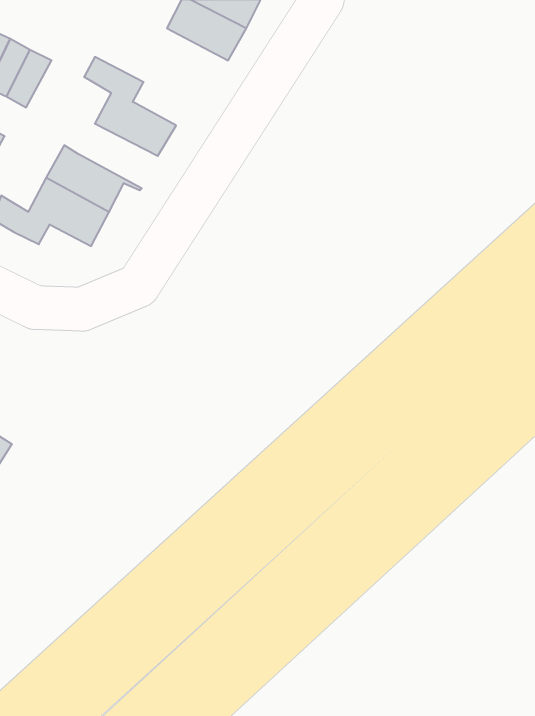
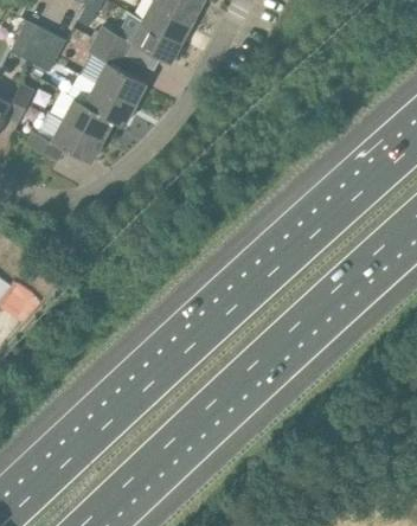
building: none -> [94,19,181,63]
building: none -> [83,82,135,124]

